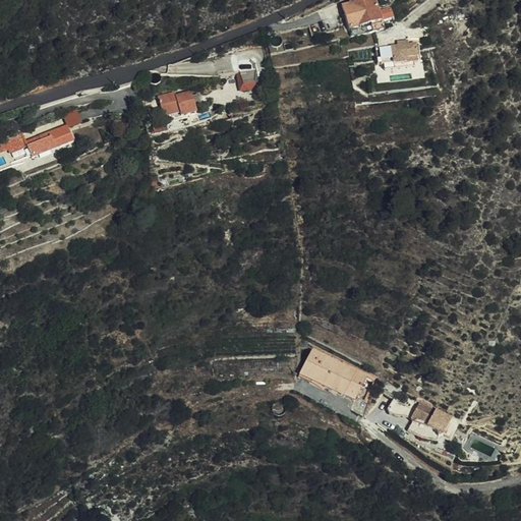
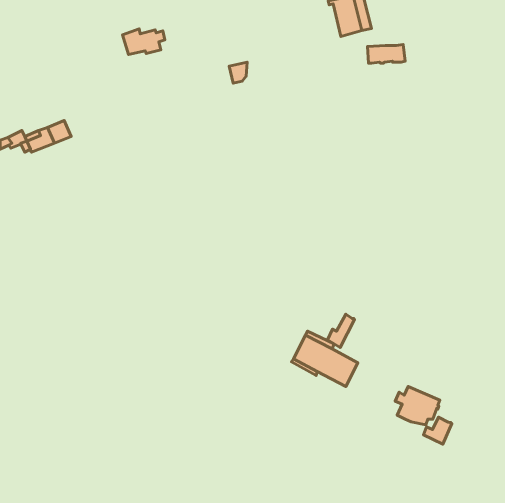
building: [157,90,200,116] -> [122,29,165,55]
building: none -> [327,314,355,348]
building: none -> [423,417,452,444]

